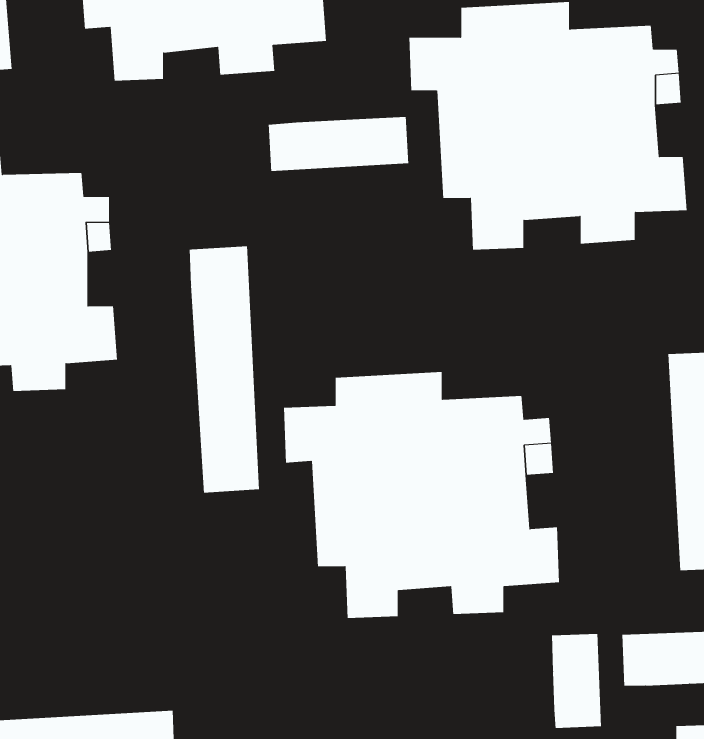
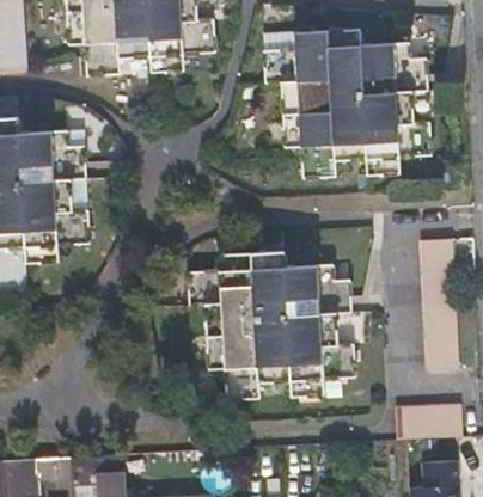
building: [268,116,409,172] -> none
building: [189,245,259,493] -> none
building: [552,633,602,729] -> none

